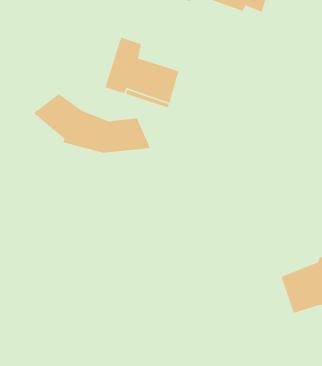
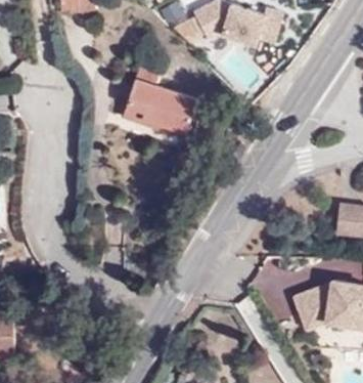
building: [33,93,151,154] -> none

